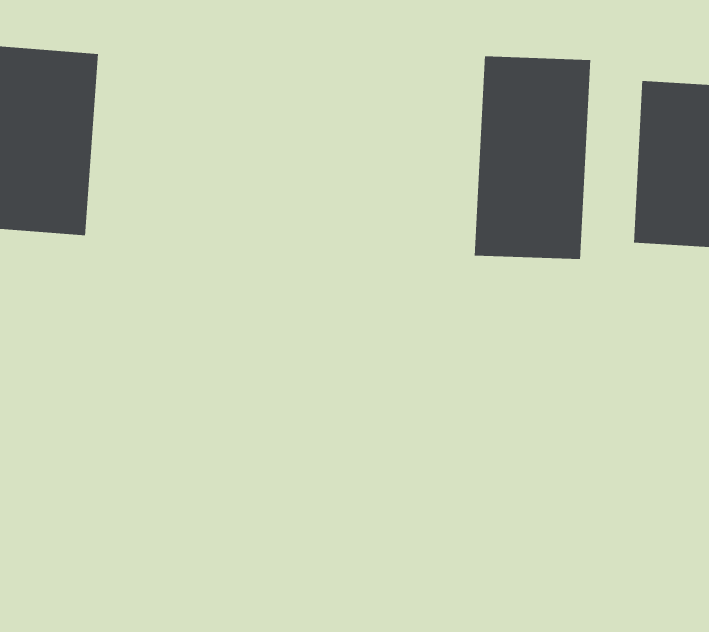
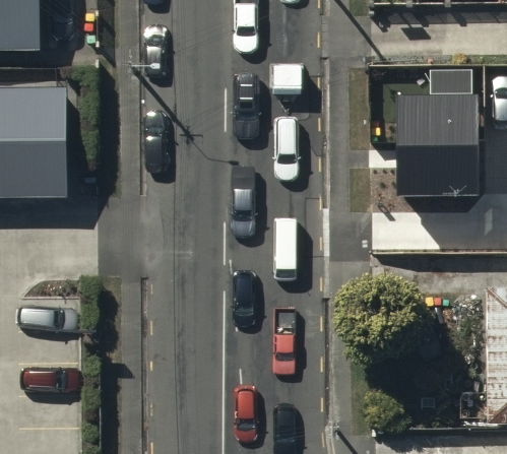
building: [474,56,591,260] -> none

